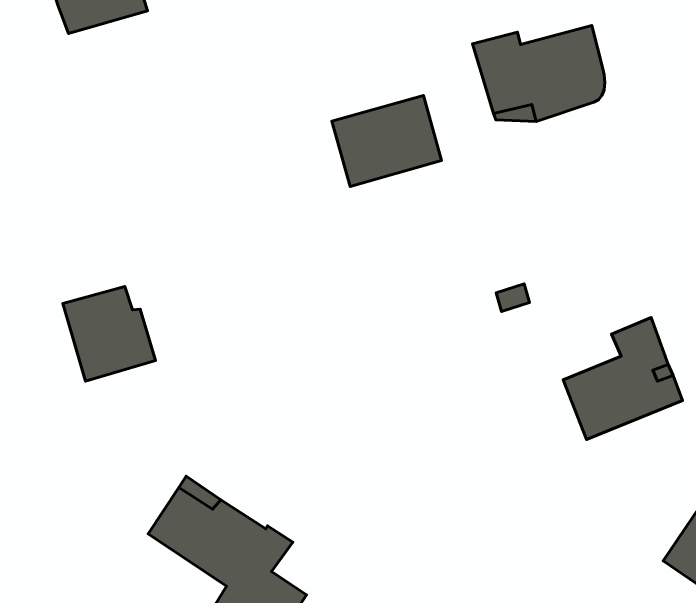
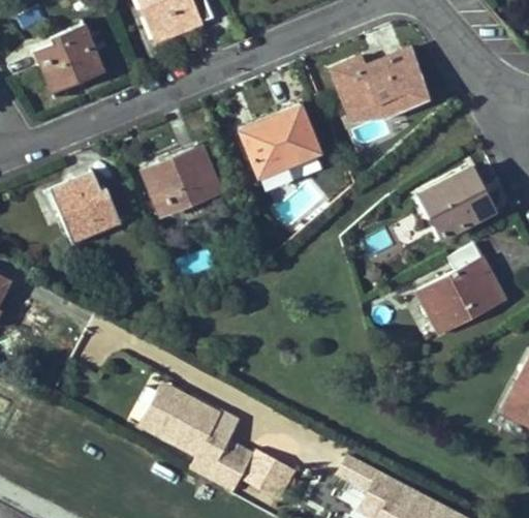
building: none -> [144,147,218,214]
building: none -> [421,166,494,237]
building: [63,286,156,381] -> [53,173,121,241]

